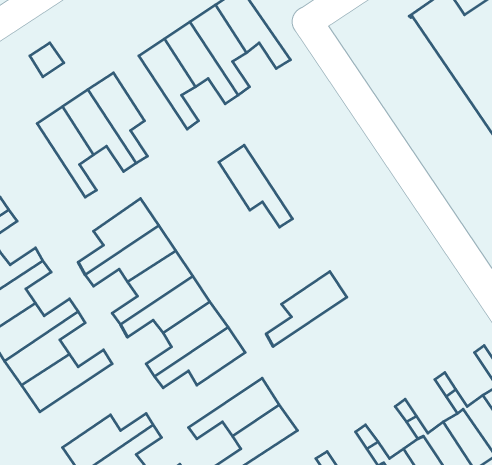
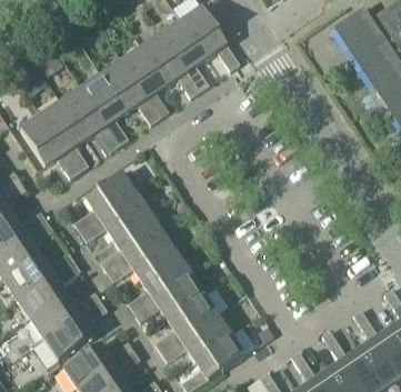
building: none -> [19,113,79,178]
building: [219,145,292,227] -> [101,60,159,124]
building: [266,272,347,347] -> [154,293,218,352]
building: none -> [43,302,106,360]

